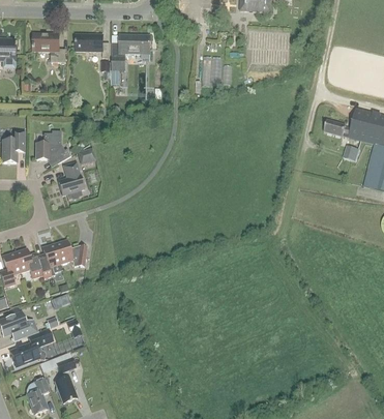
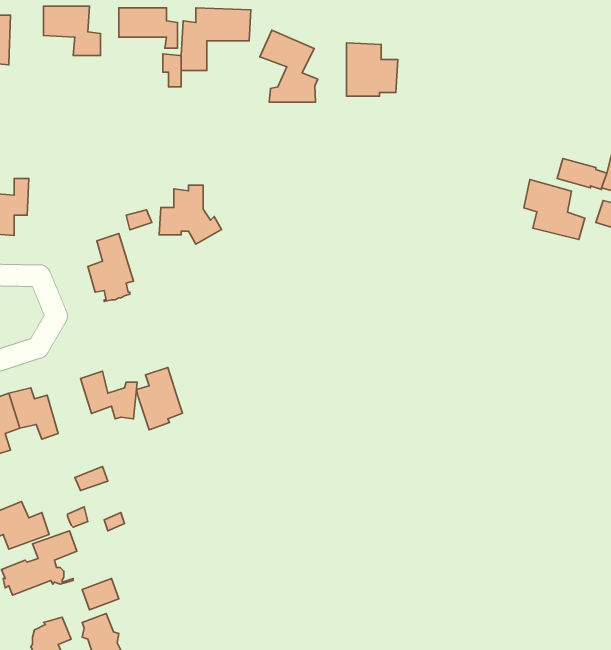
building: none -> [260,30,318,102]
building: [35,130,70,163] -> [159,185,222,244]
building: none -> [524,180,585,239]
building: [36,243,62,278] -> [136,367,182,430]

